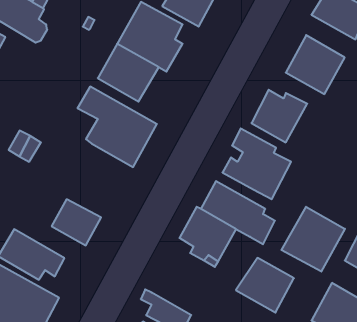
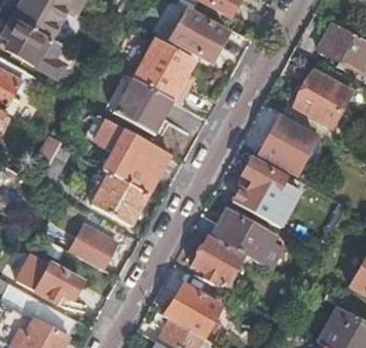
building: none -> [89,172,147,225]
building: [281,207,345,272] -> none
building: [236,258,294,313] -> [164,284,220,337]

